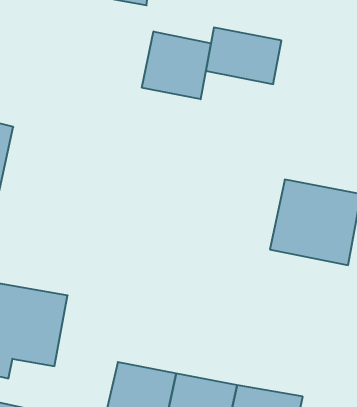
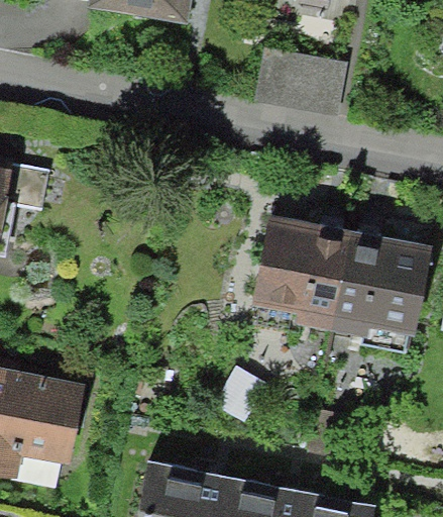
building: [142,31,211,99] -> none
building: none -> [247,218,352,322]

